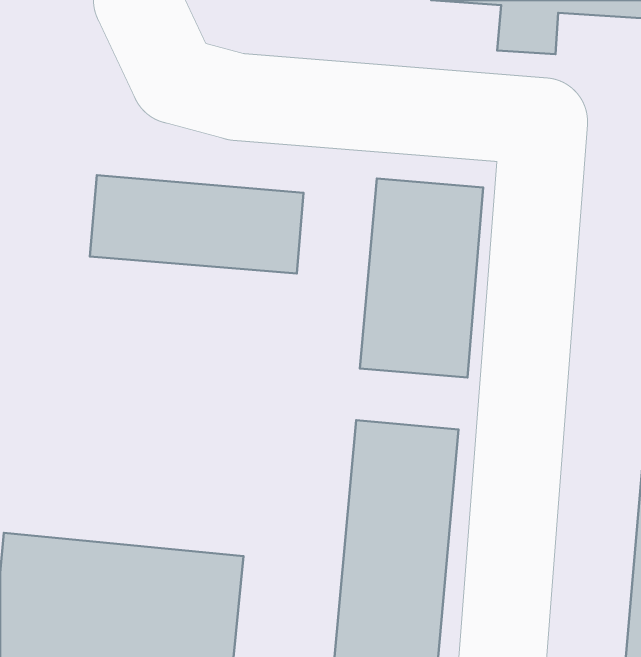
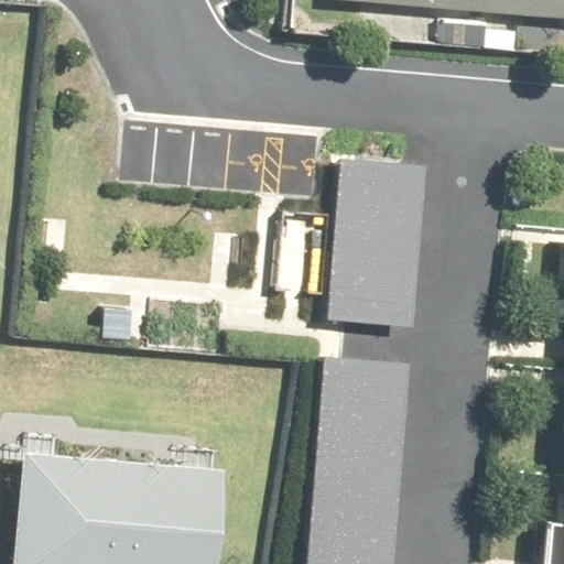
building: [90,175,303,273] -> none

